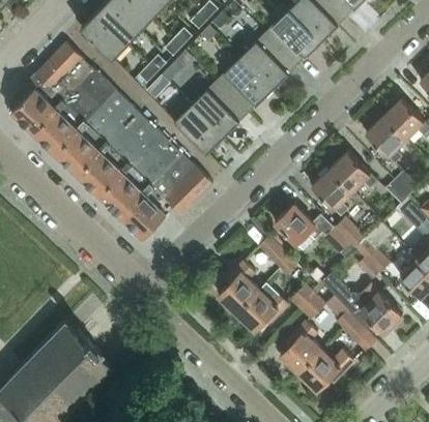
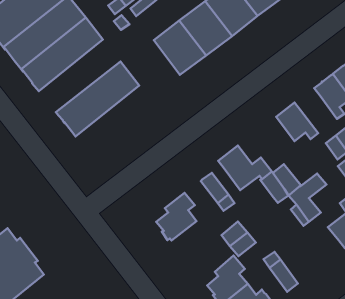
building: [169,98,224,154] -> none
building: [78,111,160,193] -> none
building: [122,154,213,238] -> none
building: [312,169,353,215] -> none
building: [322,272,403,333] -> none
building: [237,289,289,331] -> none

